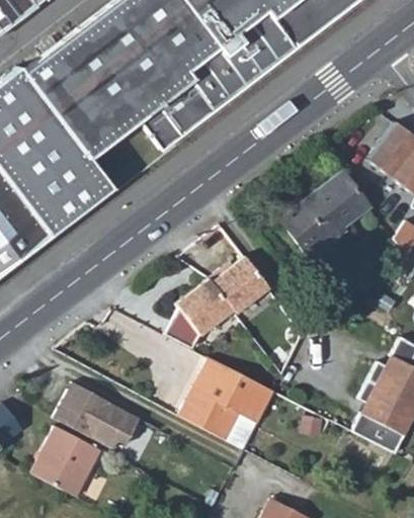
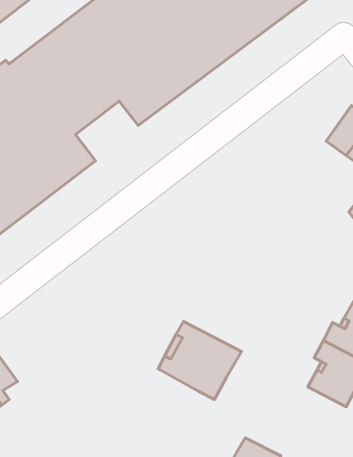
building: [279,170,368,260] -> none
building: [161,258,265,351] -> none
building: [56,380,147,448] -> none
building: [35,425,107,496] -> none

